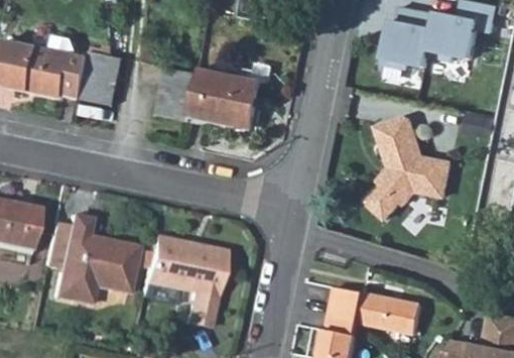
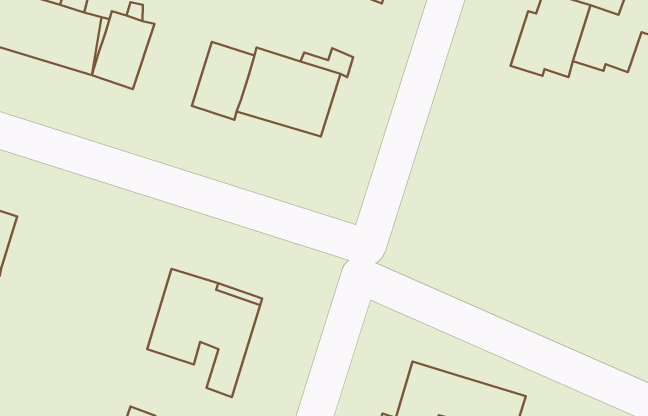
building: [367,116,451,219] -> none
building: [42,214,133,303] -> none

